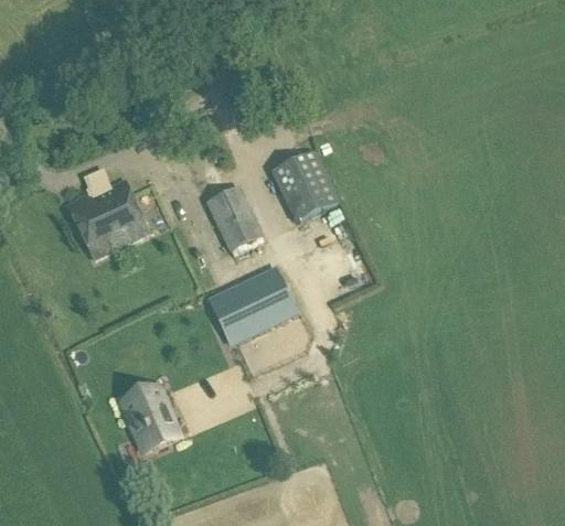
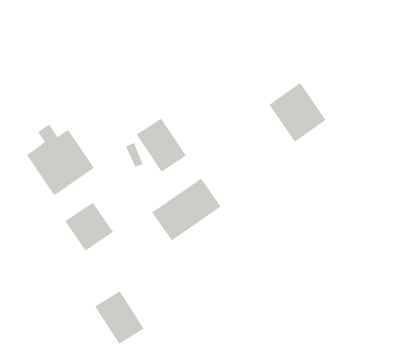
building: [271,149,339,221] -> [269,82,327,142]
building: none -> [65,202,114,251]

